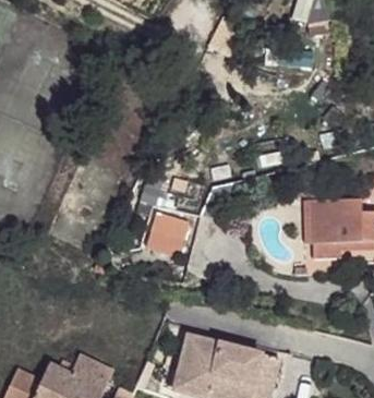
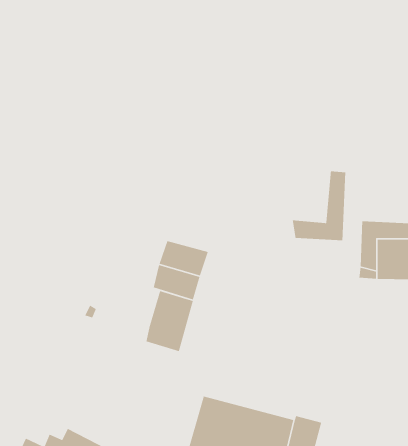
building: none -> [292,170,346,241]
building: none -> [145,290,194,352]

